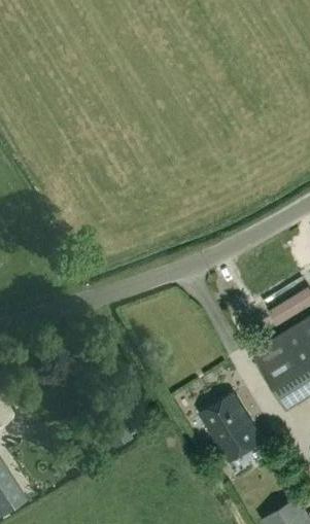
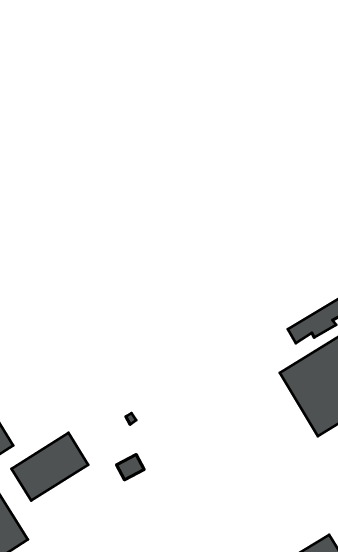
building: [200,395,260,460] -> none
building: none -> [11,433,88,501]

